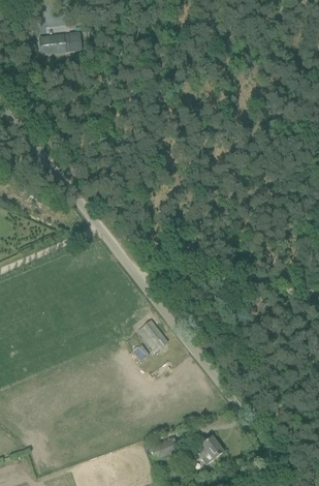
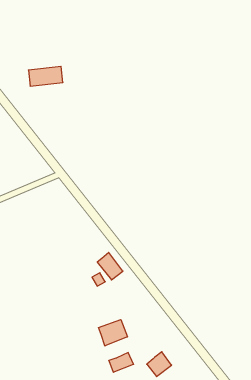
building: [39,32,79,55] -> [28,66,63,86]
building: none -> [99,320,127,346]

